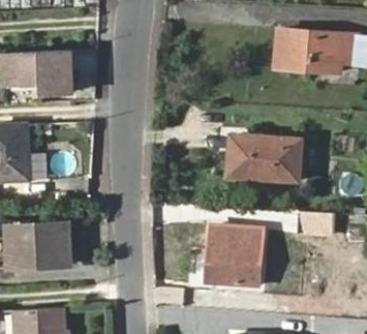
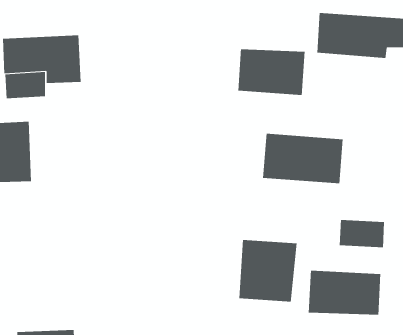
building: none -> [238,48,305,96]
building: [8,223,70,267] -> none
building: none -> [308,270,381,315]

